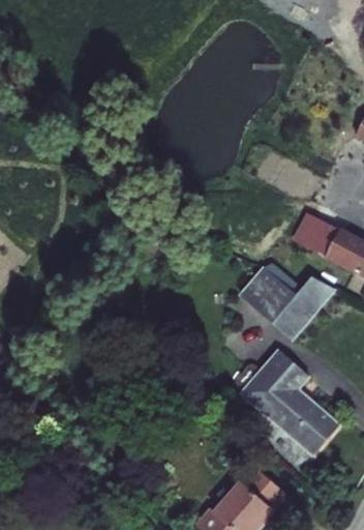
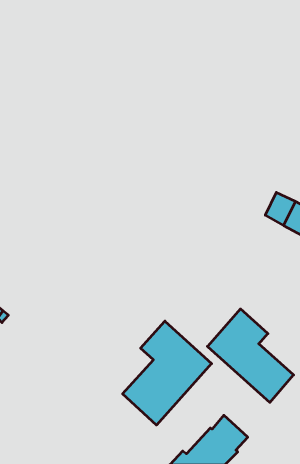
building: [238,266,335,340] -> none
building: none -> [123,321,212,425]

